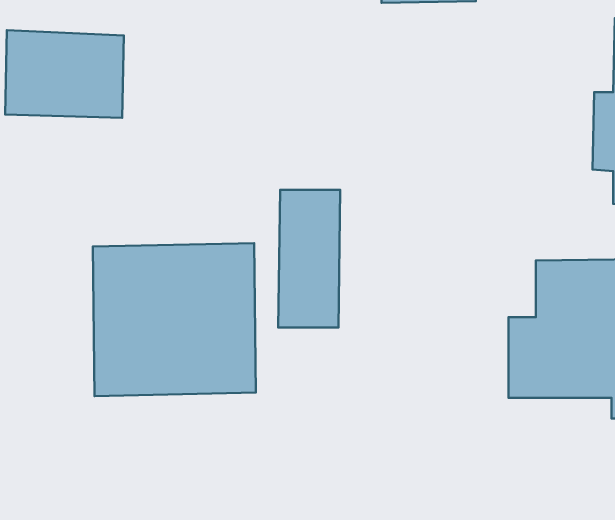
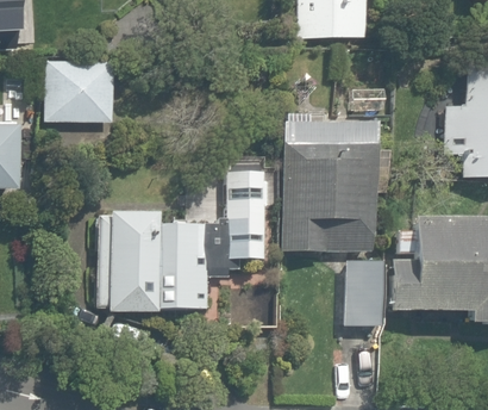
building: none -> [282,118,375,251]
building: none -> [346,257,383,325]

